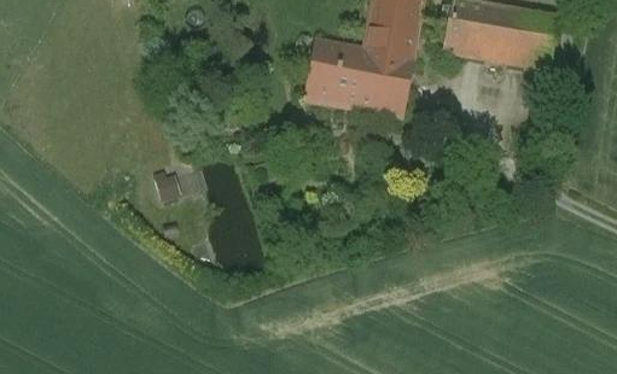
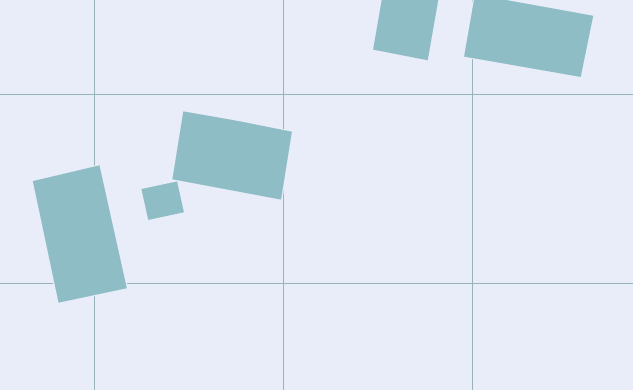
building: [307,39,413,117] -> [172,111,293,200]
building: none -> [32,164,127,304]

